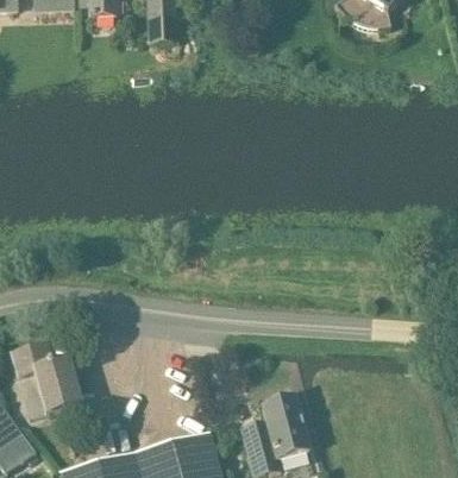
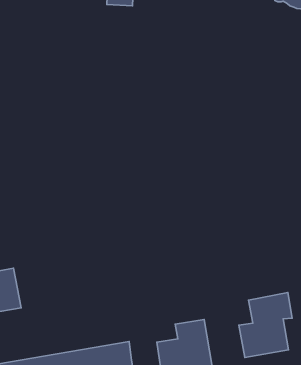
building: none -> [239,293,292,357]

